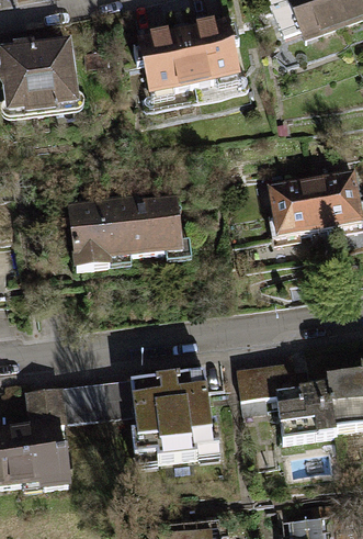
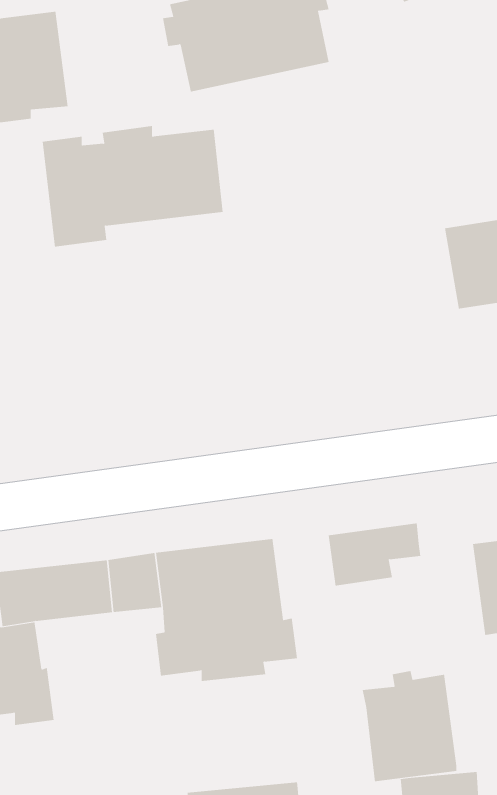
building: [266,177,318,235] -> none
building: [69,195,182,271] -> [42,126,223,247]
building: [275,371,334,440] -> [362,671,457,782]

